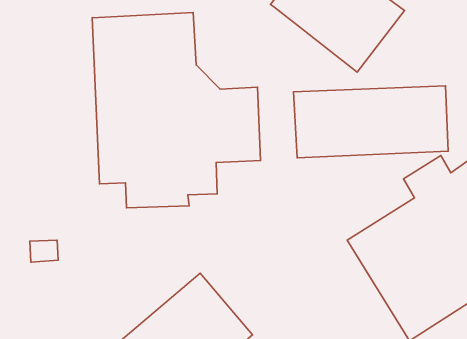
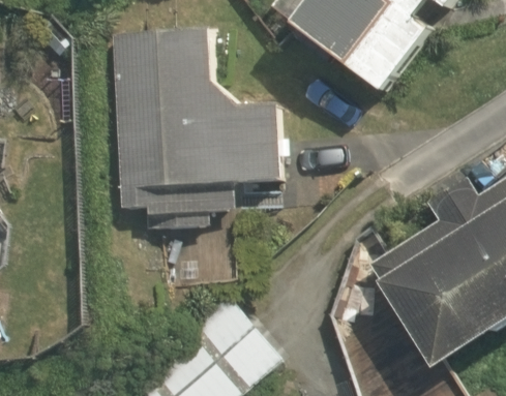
building: [294,86,448,158] -> none

